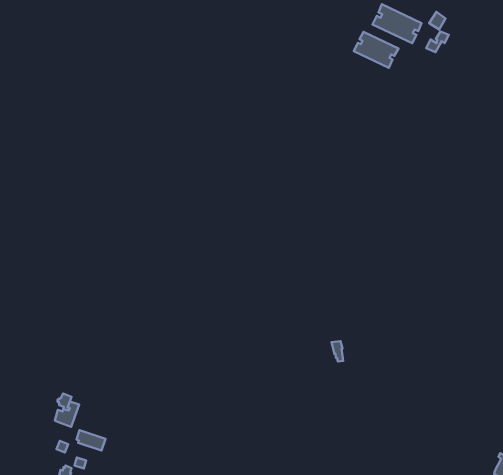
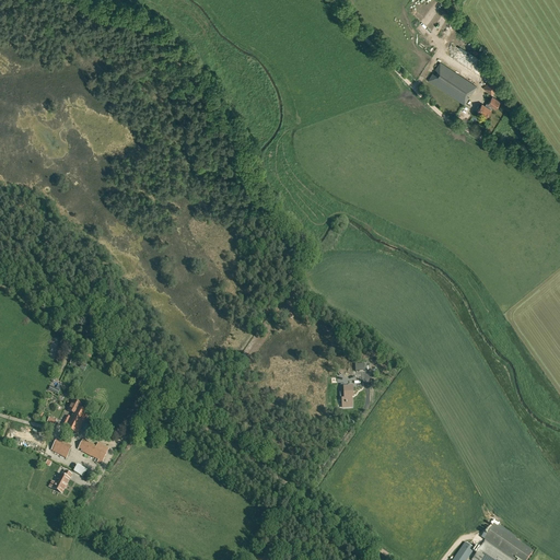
building: [354,32,399,68] -> none

